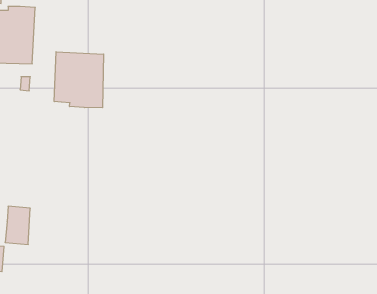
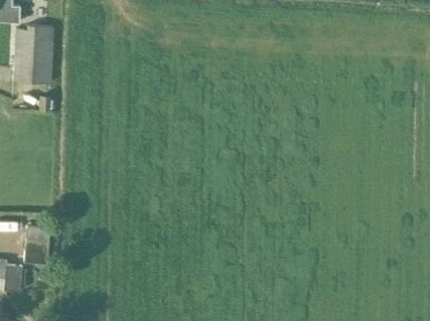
building: [54,52,104,108] -> none

